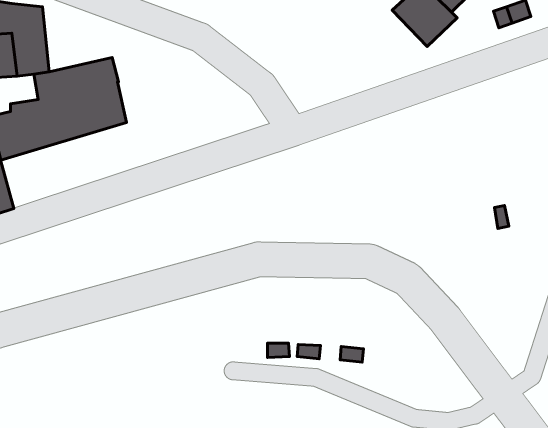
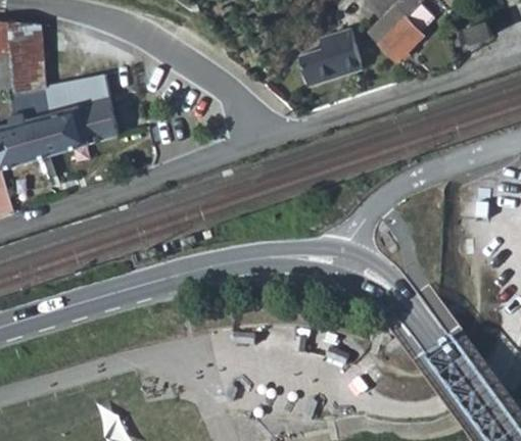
building: none -> [299,29,363,86]

